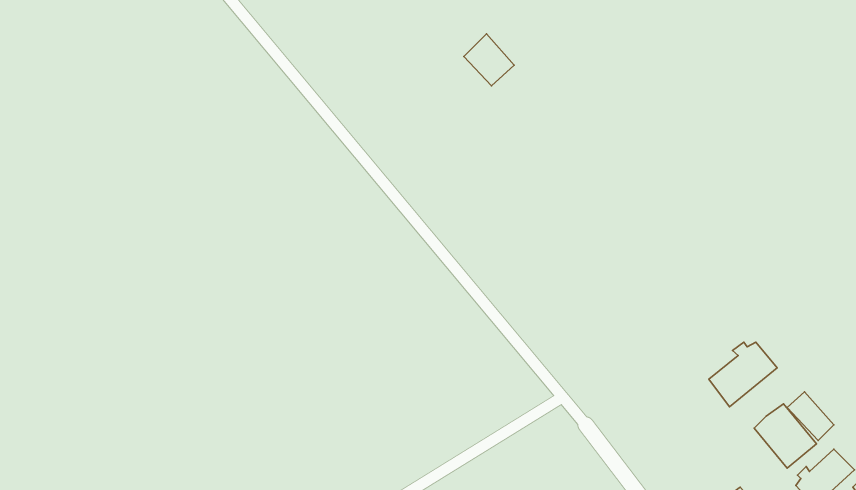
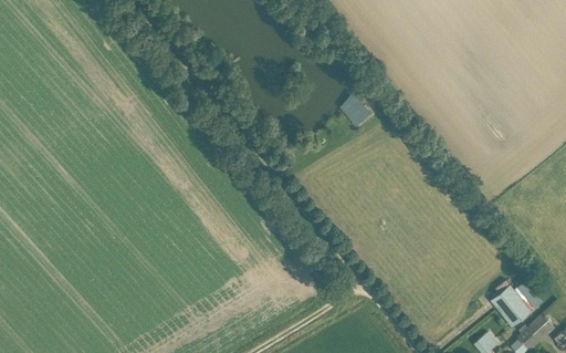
building: [464,34,514,86] -> [337,92,369,125]
building: [709,342,777,407] -> none

